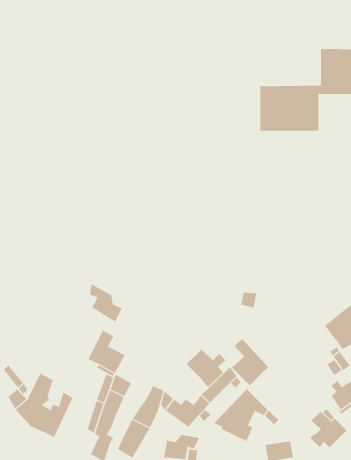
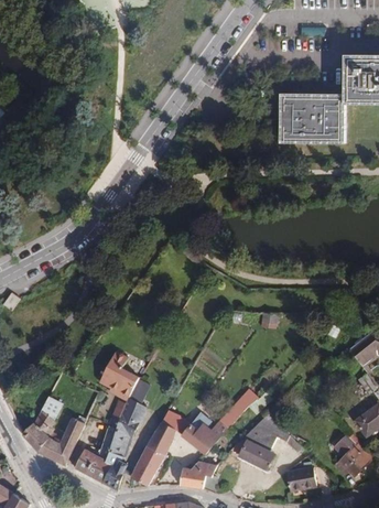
building: [89,284,123,322] -> none
building: [231,338,269,386] -> none
building: [186,349,226,388] -> none
building: none -> [74,448,110,482]

